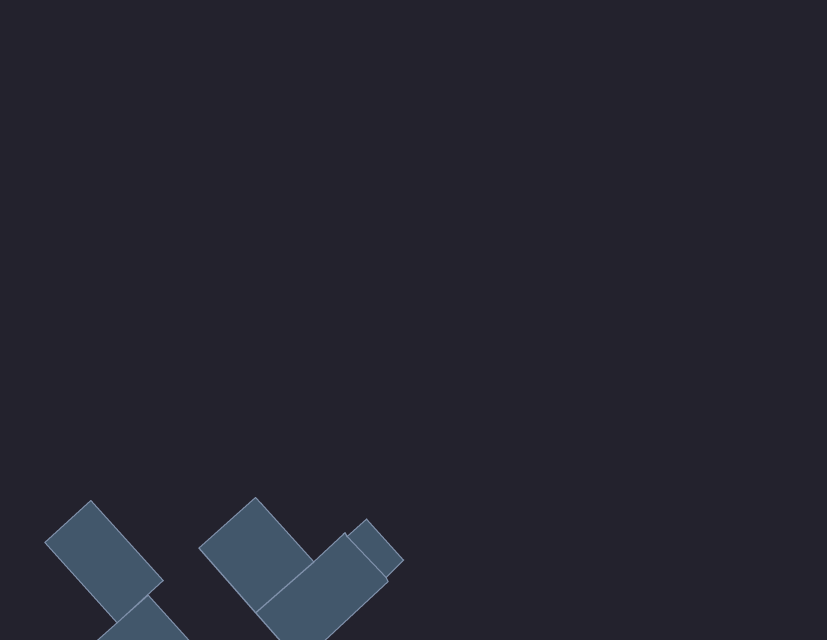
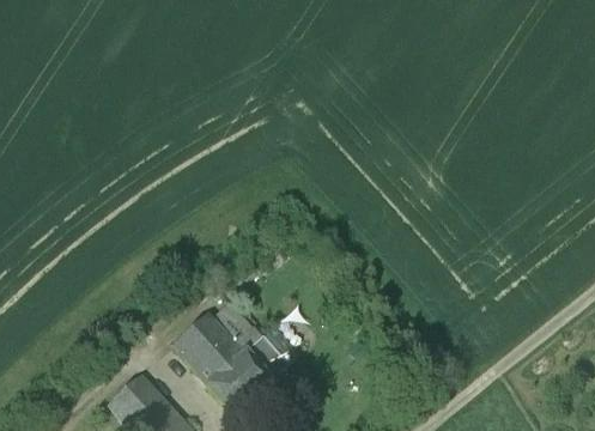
building: none -> [211,301,261,352]
building: [45,501,163,623] -> none

